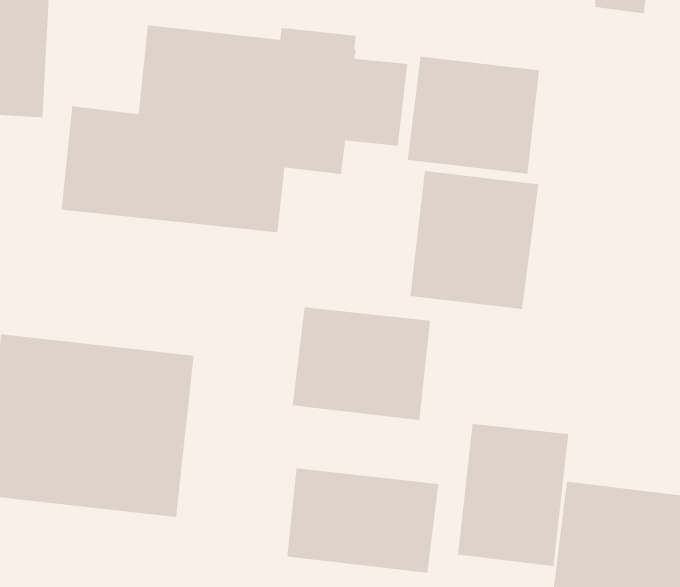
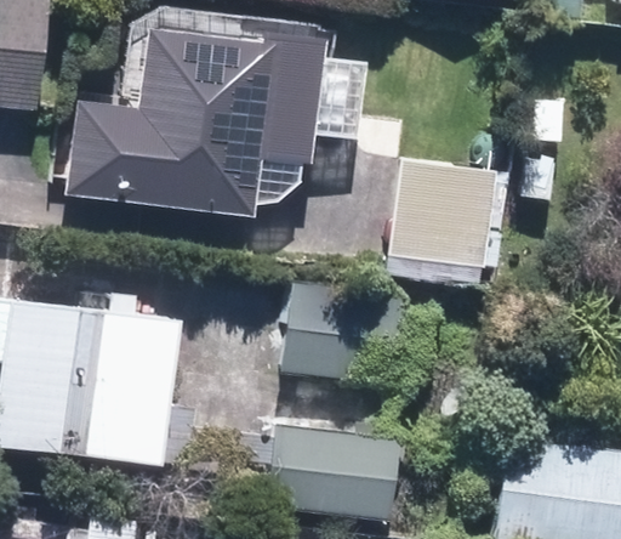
building: [407,56,539,175] -> none
building: [457,423,569,567] -> none

